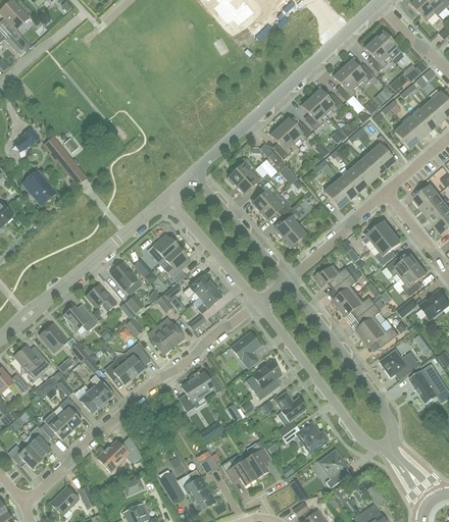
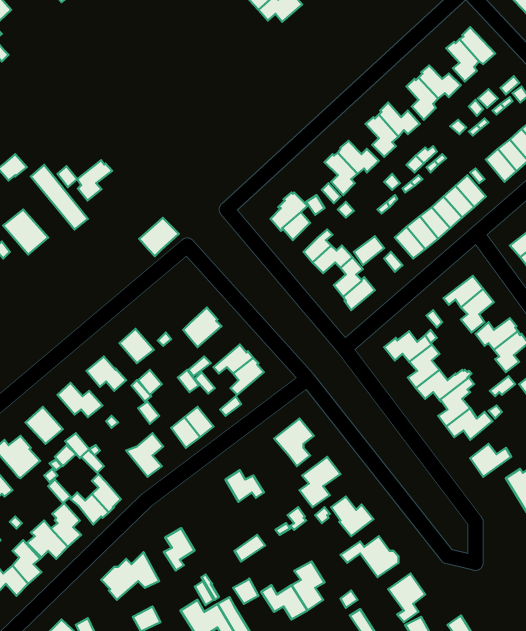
building: none -> [77,160,112,200]
building: [148,233,179,263] -> [139,218,179,256]
building: [104,356,133,384] -> none
building: [180,378,203,411] -> [164,528,194,570]

